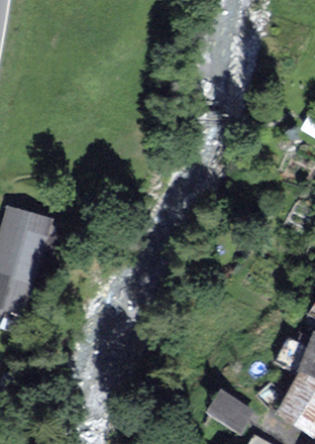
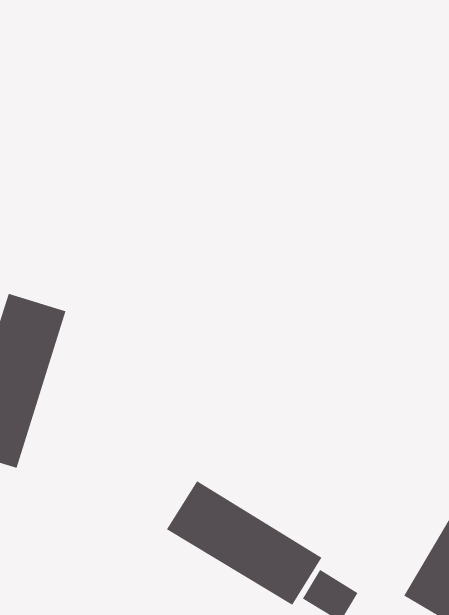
building: none -> [166,480,323,606]

